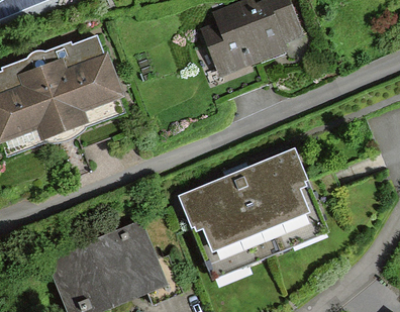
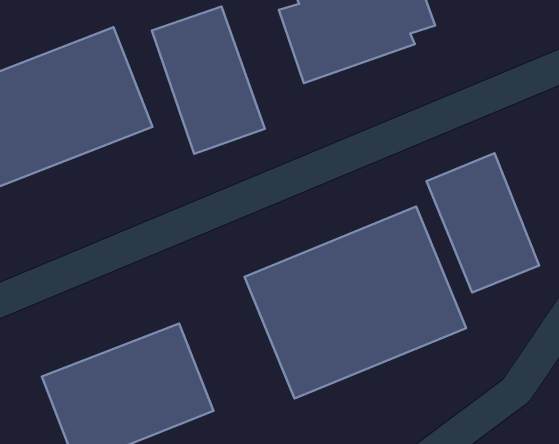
building: none -> [152,6,265,154]
building: none -> [426,153,539,293]

